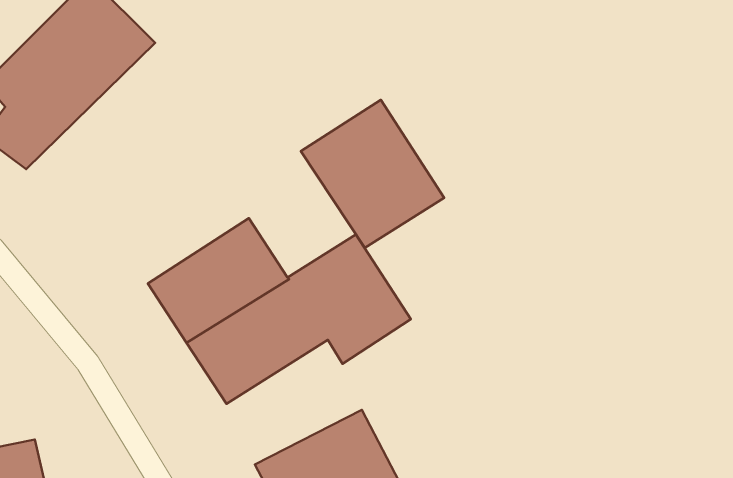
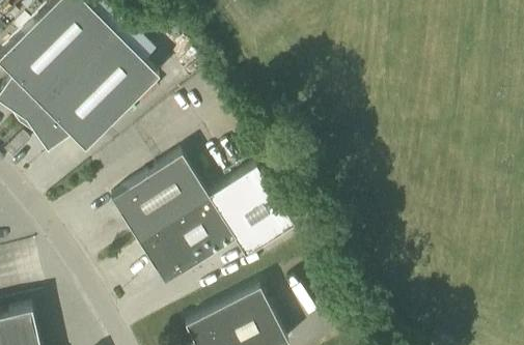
building: none -> [25,32,159,150]
building: [301,100,444,248] -> none

